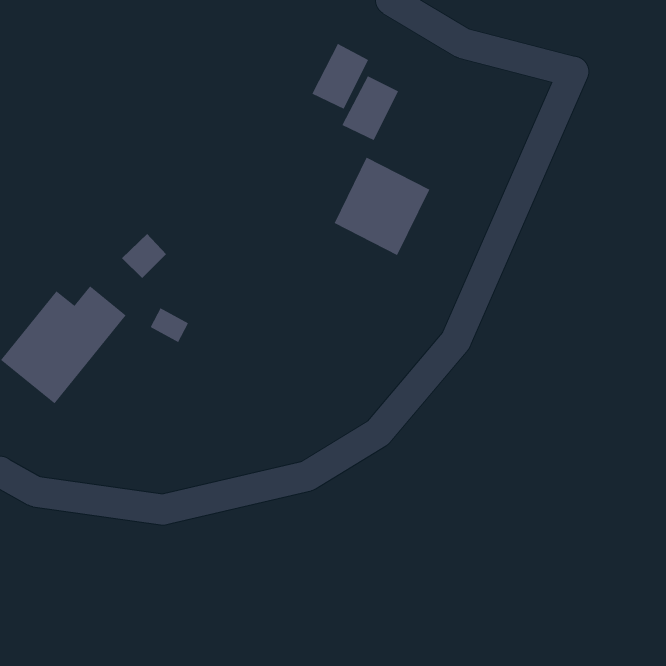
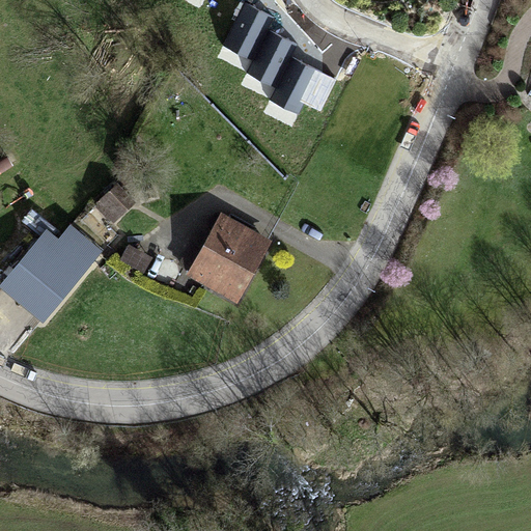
building: none -> [226,5,272,58]
building: [334,157,430,256] -> [191,215,268,294]

